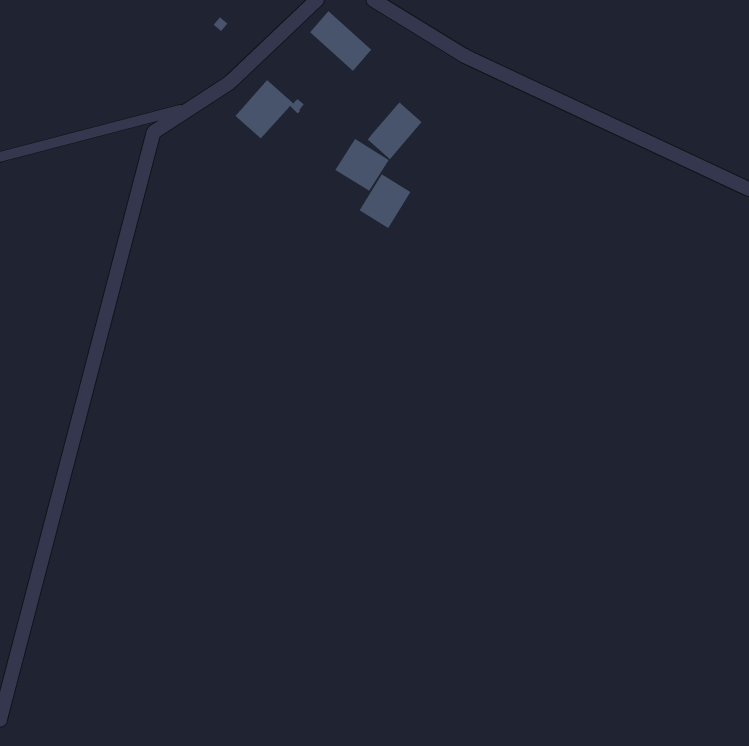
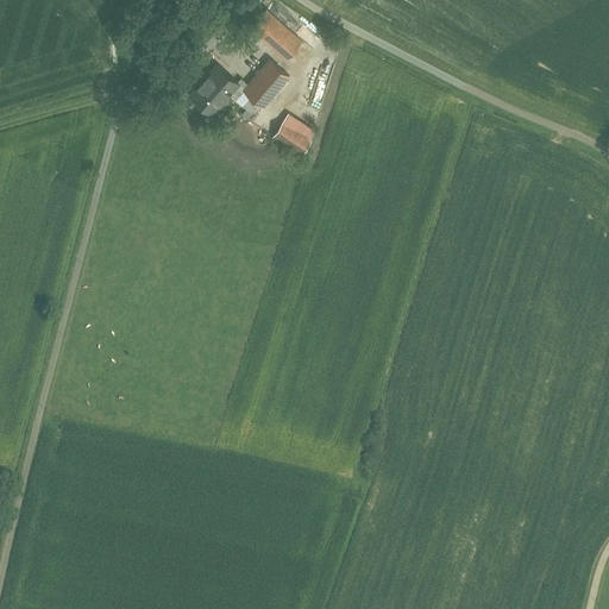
building: [367,102,423,160] -> [244,61,289,108]
building: [358,173,412,229] -> none

